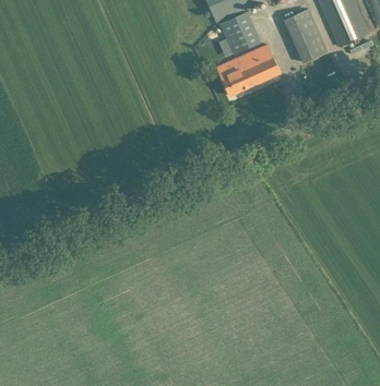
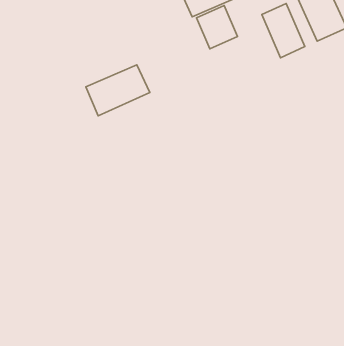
building: [216,45,280,95] -> [86,65,150,116]

